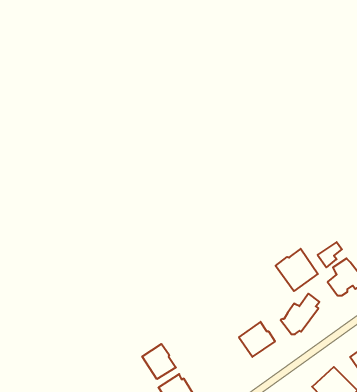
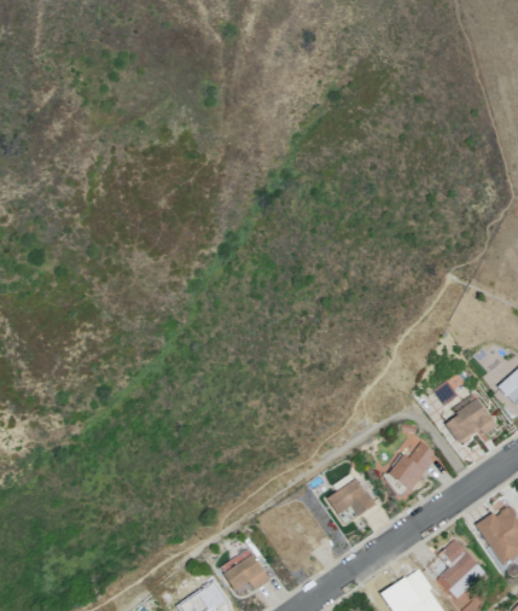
building: [276,249,318,291] -> none
building: [142,344,176,379] -> none

